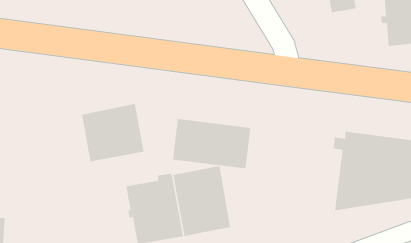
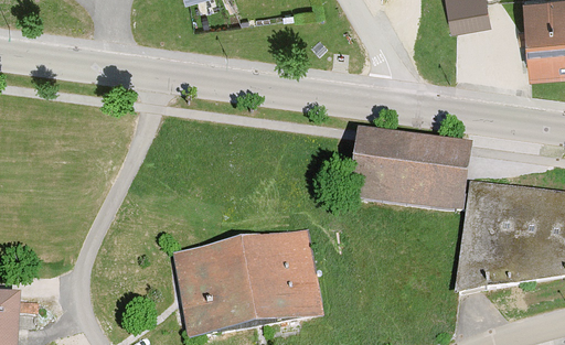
building: [82,103,144,162] -> none
building: [172,119,251,169] -> [358,140,463,207]

